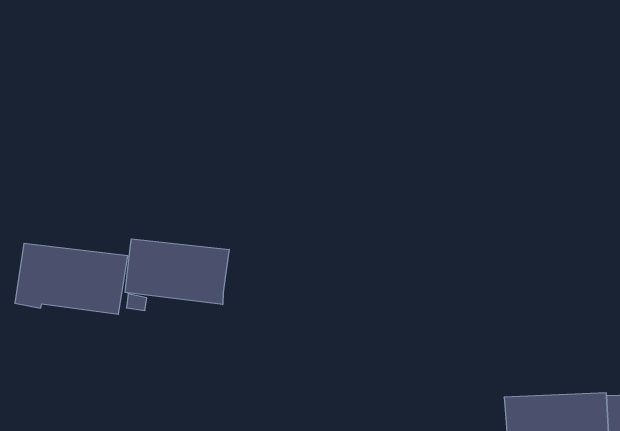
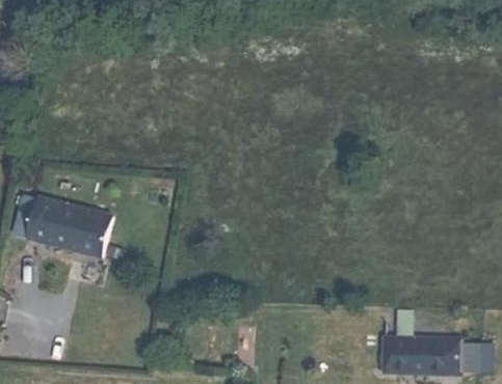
building: [125,239,229,305] -> none

